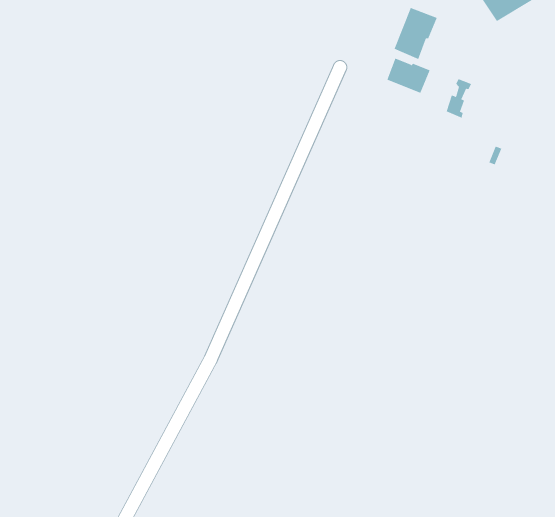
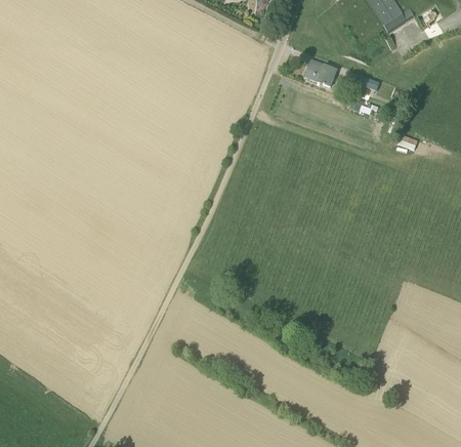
building: [394,7,438,60] -> none

